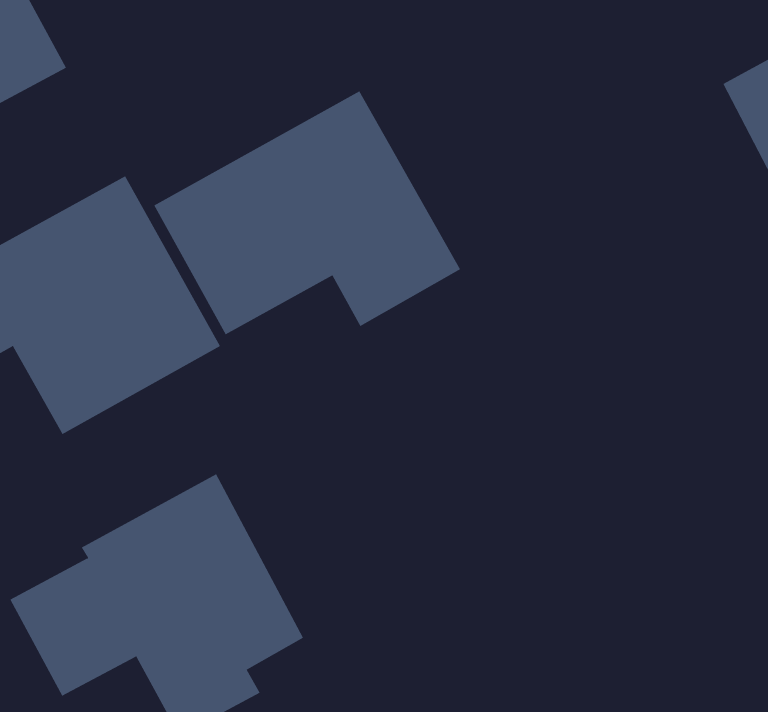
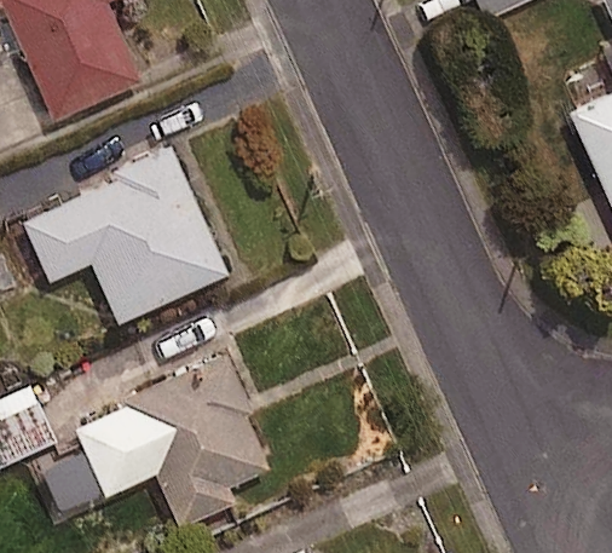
building: [153,90,461,335] -> none

